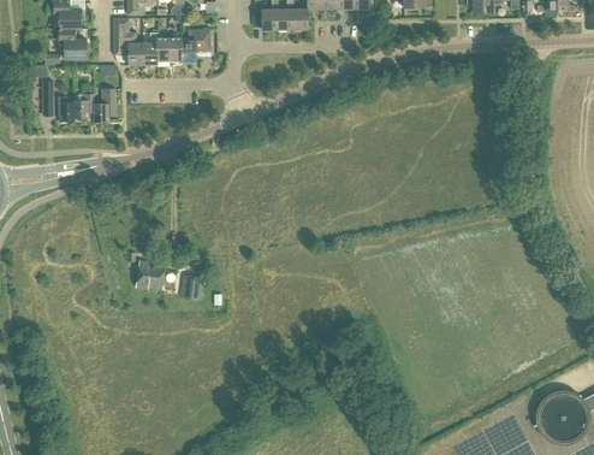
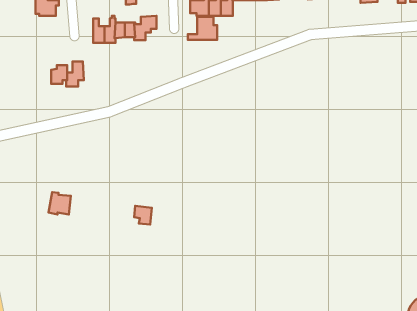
building: [59,29,87,58] -> none
building: none -> [188,17,217,40]
building: [42,81,75,120] -> none
building: [136,260,165,289] -> [48,192,71,214]

